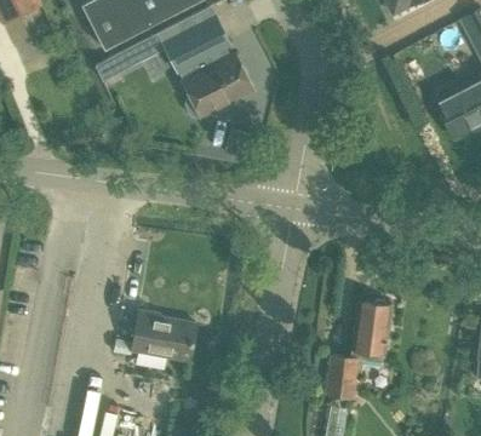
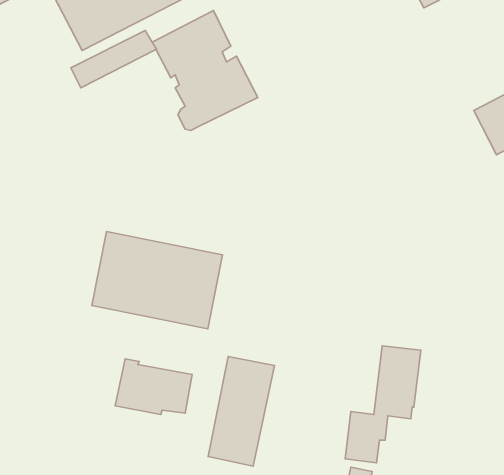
building: none -> [92,232,222,329]
building: none -> [208,356,274,466]

